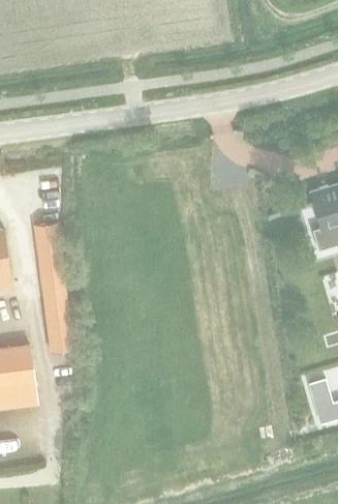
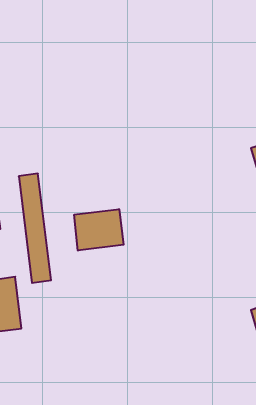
building: none -> [74,209,124,251]

